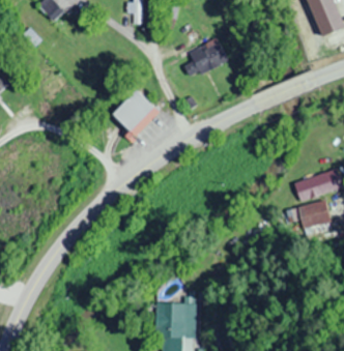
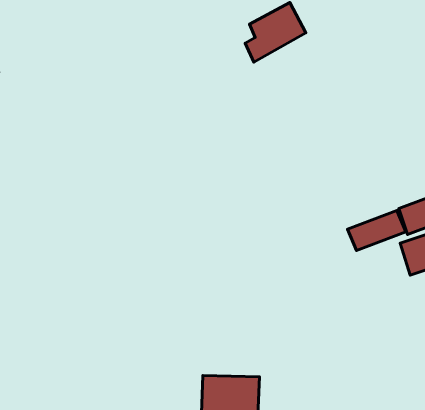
building: [109,89,157,138] -> none
building: none -> [347,211,406,250]

